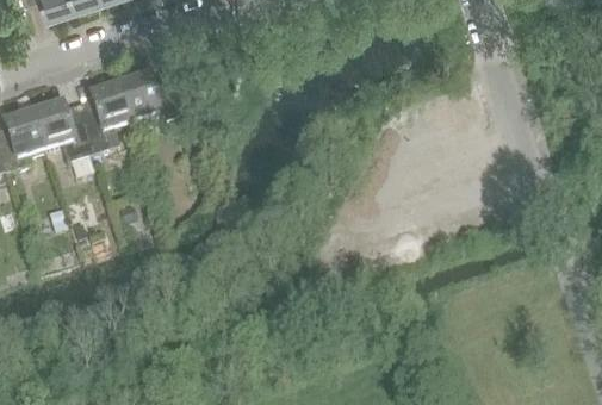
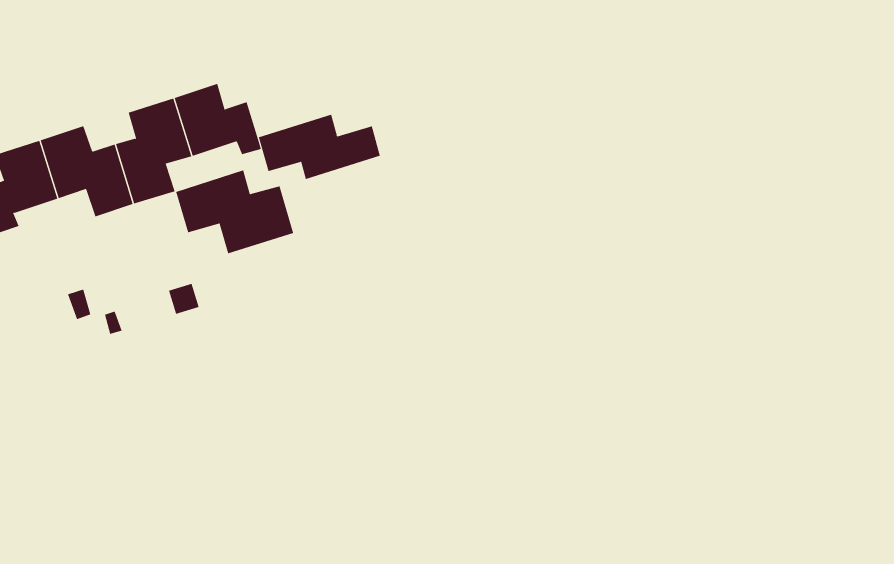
building: none -> [258,114,381,180]
building: none -> [176,170,294,254]

